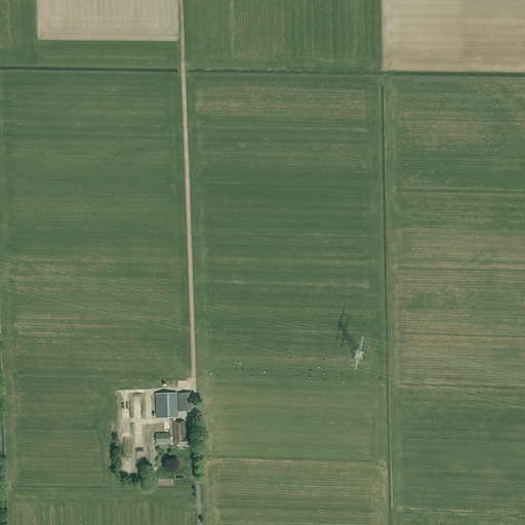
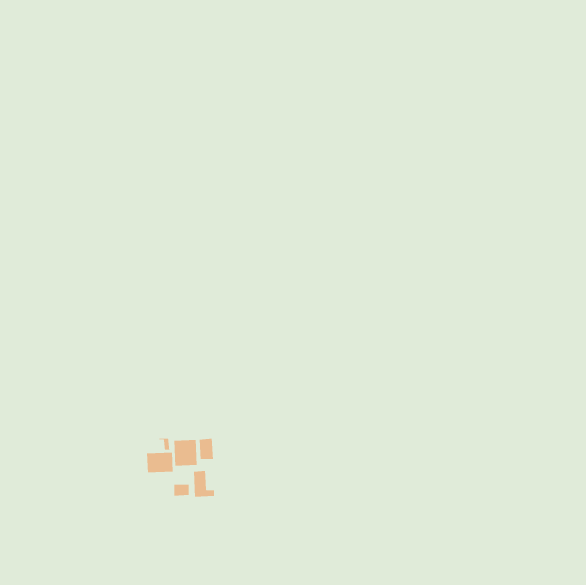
building: none -> [146,452,174,473]

